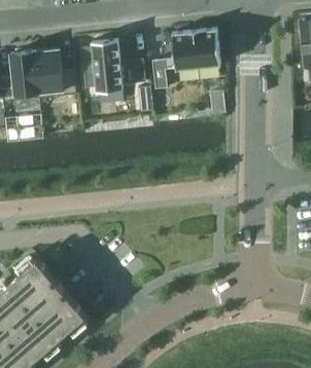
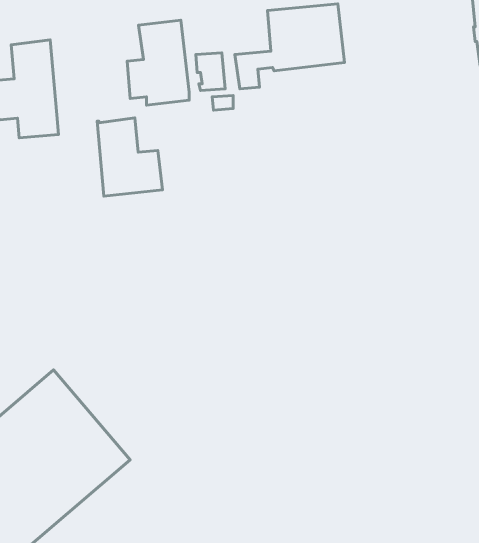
building: [36,48,77,98] -> [97,118,163,196]

